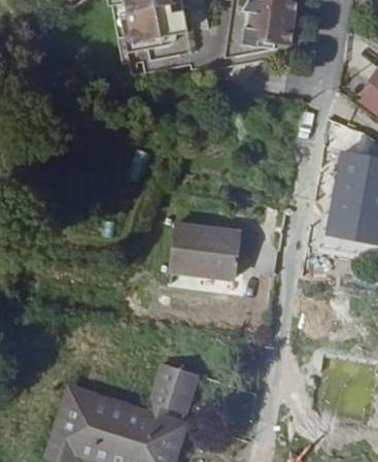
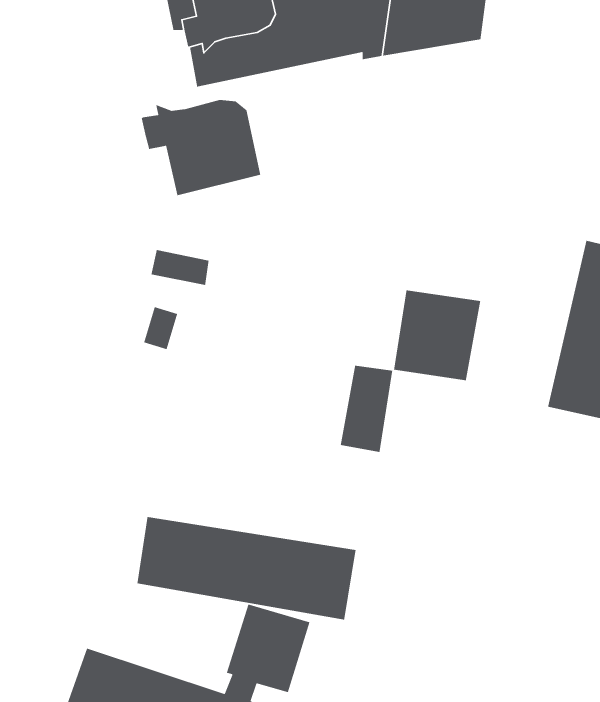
building: none -> [141,99,261,196]
building: [171,222,220,273] -> [393,290,481,381]
building: none -> [137,516,357,620]

